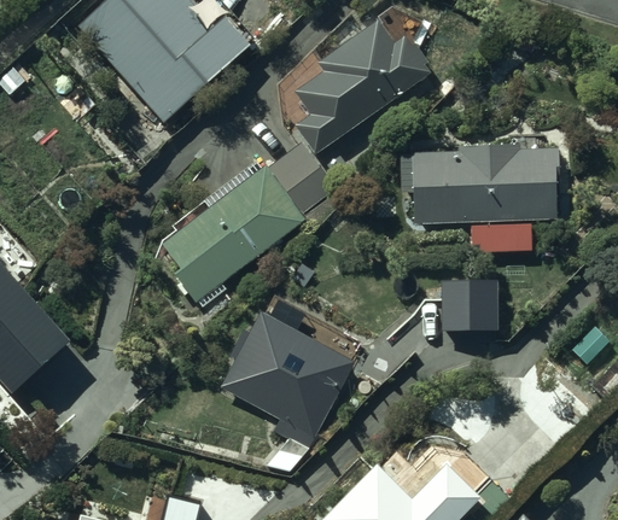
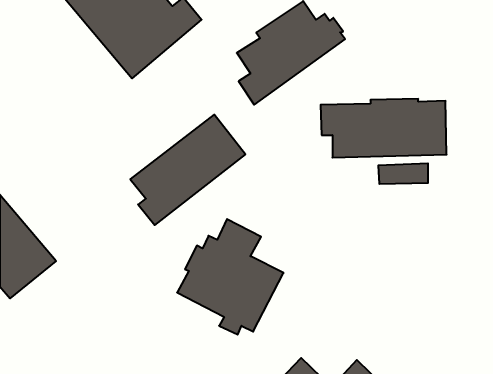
building: [269,134,334,201] -> none
building: [441,282,505,329] -> none

